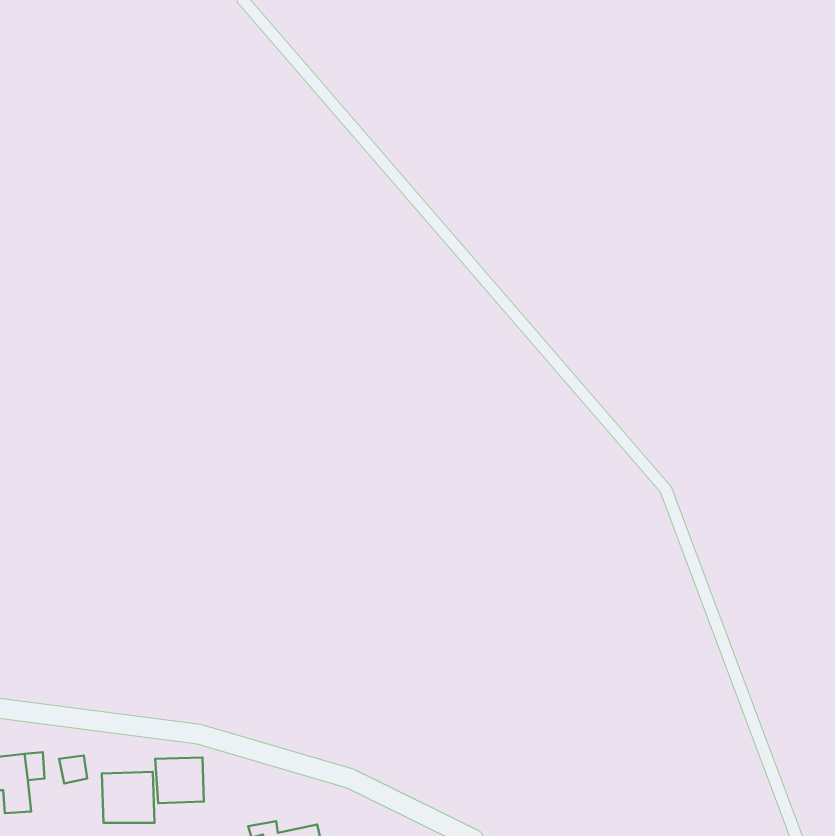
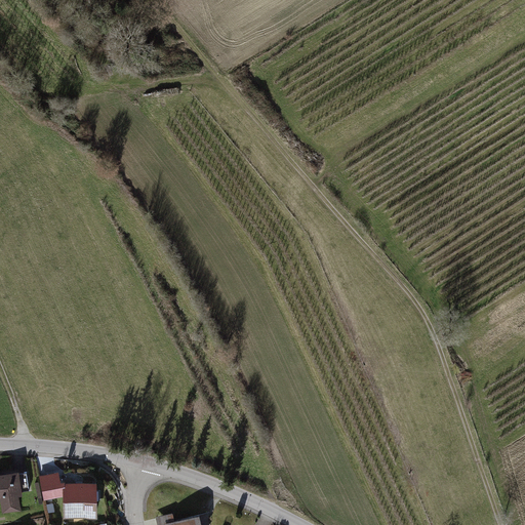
building: [155,757,204,803] -> none

